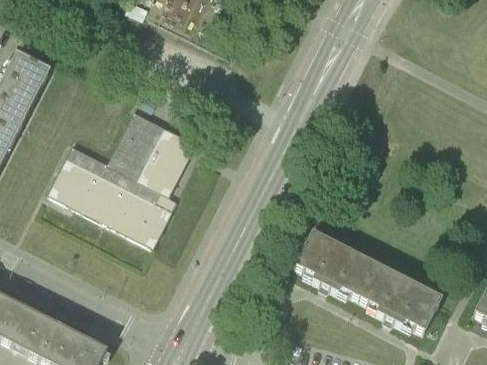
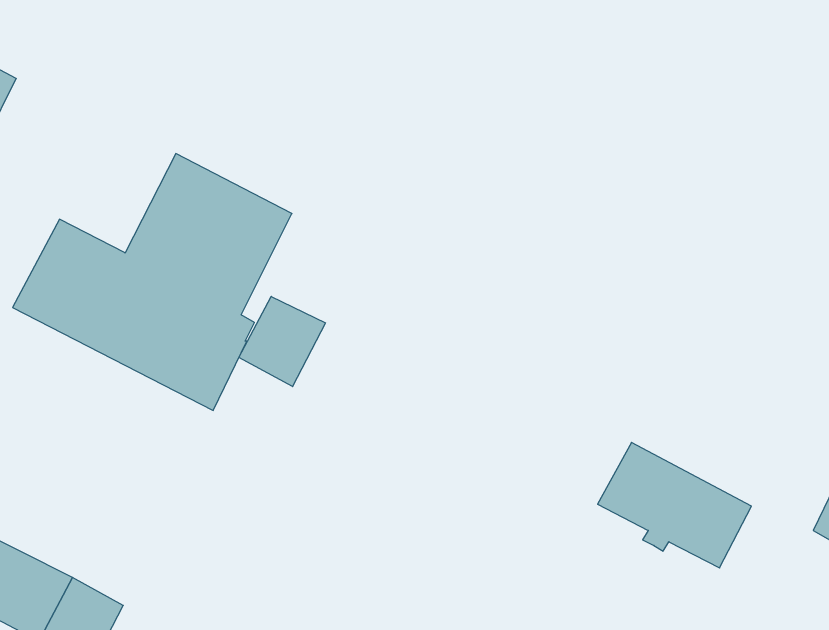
building: none -> [239,296,325,387]
building: [294,230,377,297] -> none

